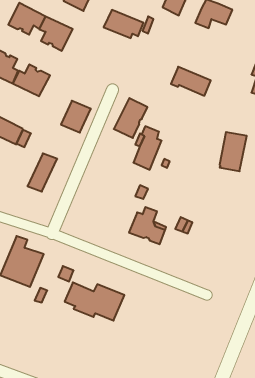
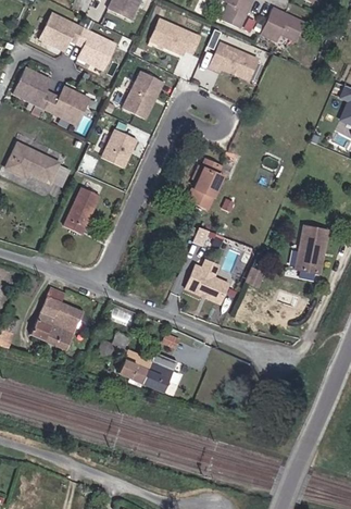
building: [171,67,211,96] -> [214,45,262,79]
building: [114,98,147,138] -> [124,71,164,119]
building: [220,132,247,171] -> [296,232,328,278]

